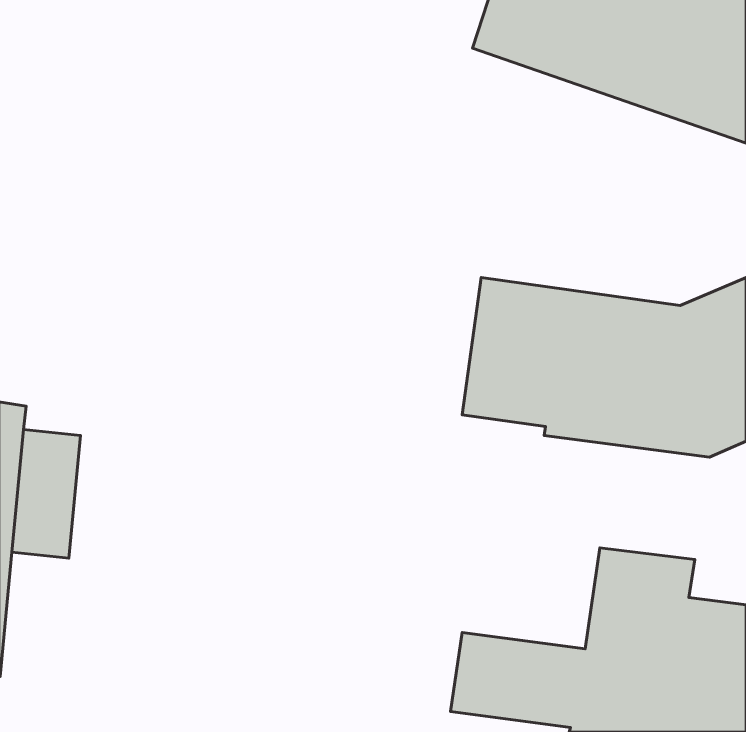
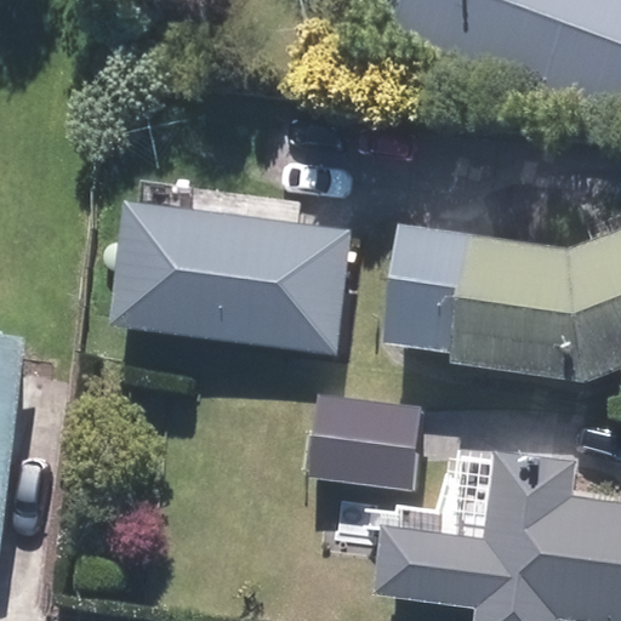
building: none -> [107,201,357,353]
building: none -> [307,394,418,485]

